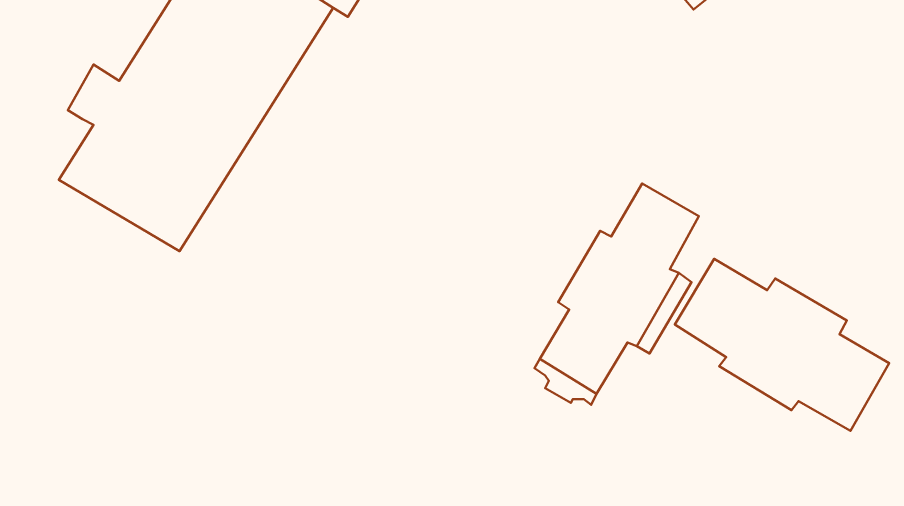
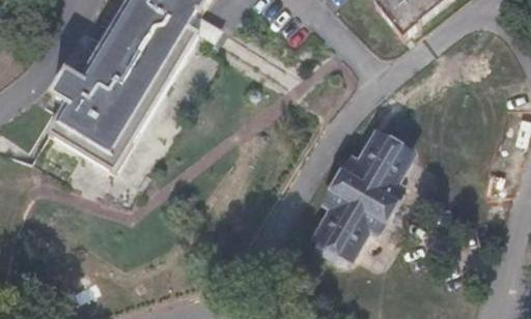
building: [675,259,889,431] -> none

